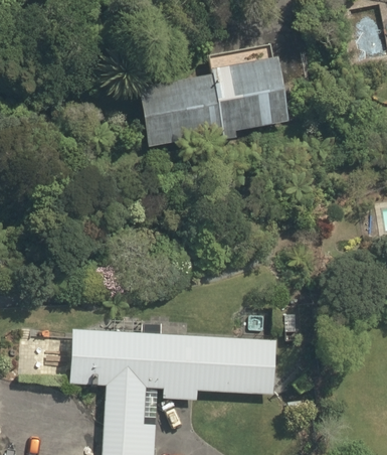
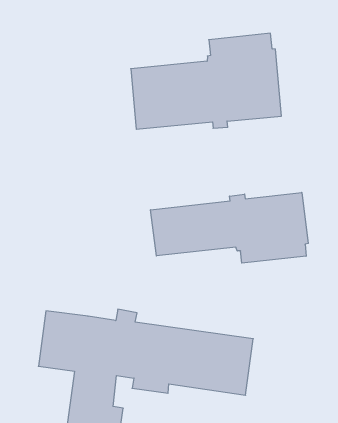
building: none -> [151,192,308,263]

